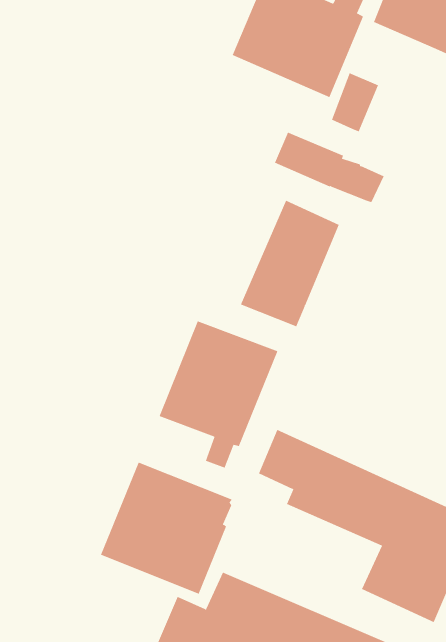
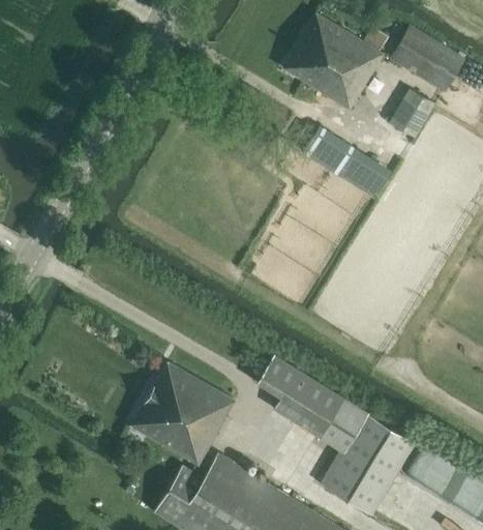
building: [331,73,379,132] -> [389,89,428,135]
building: [240,200,340,327] -> none
building: [159,320,278,468] -> none

